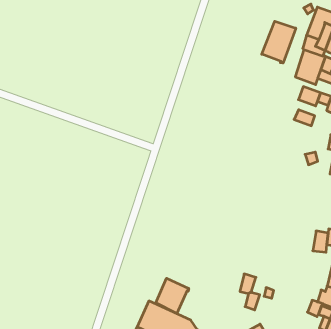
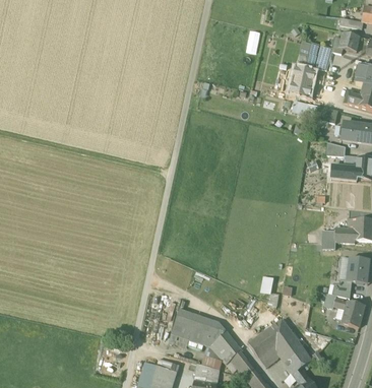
building: [262,21,296,63] -> none
building: [156,278,189,314] -> none

